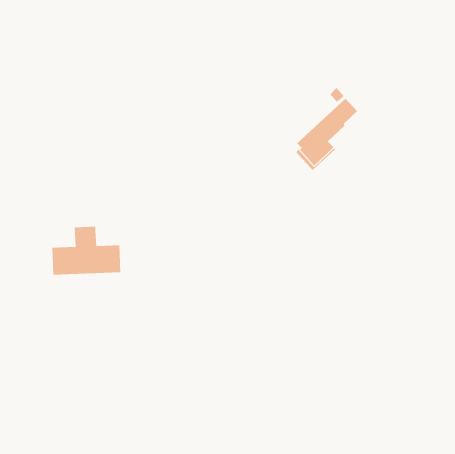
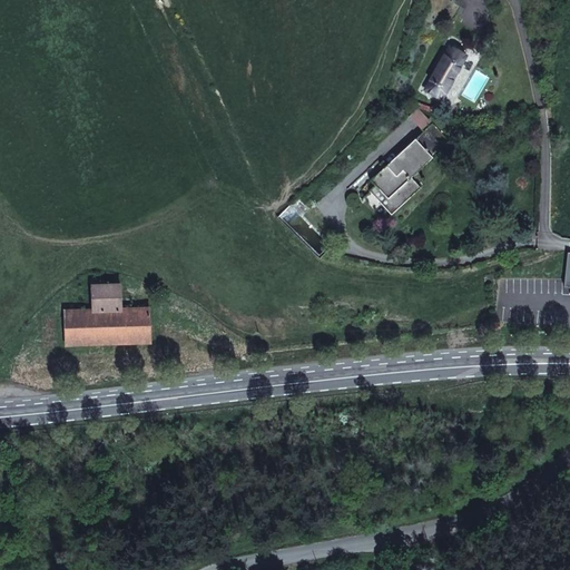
building: none -> [425,47,465,98]

